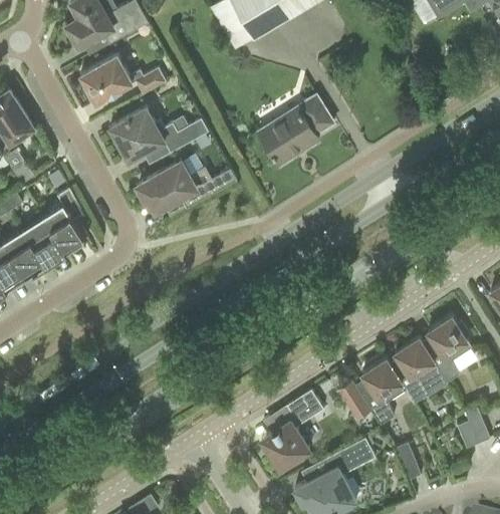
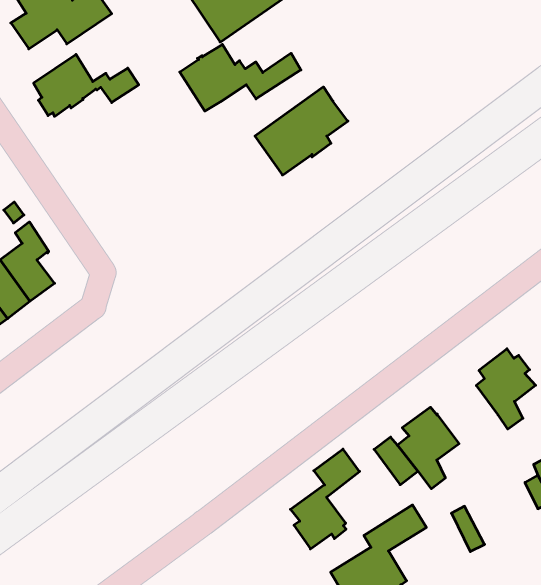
building: [109,106,208,160] -> [180,44,301,111]
building: [138,161,236,210] -> none
building: [390,337,447,403] -> none

